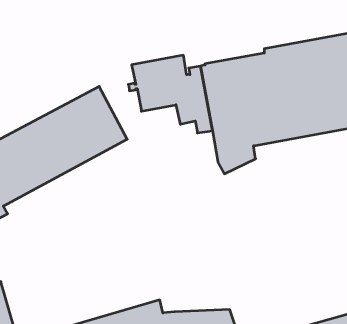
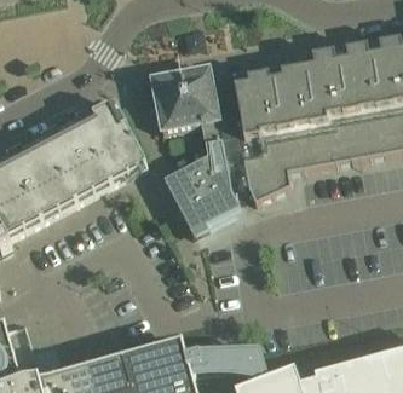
building: none -> [178,143,236,235]

